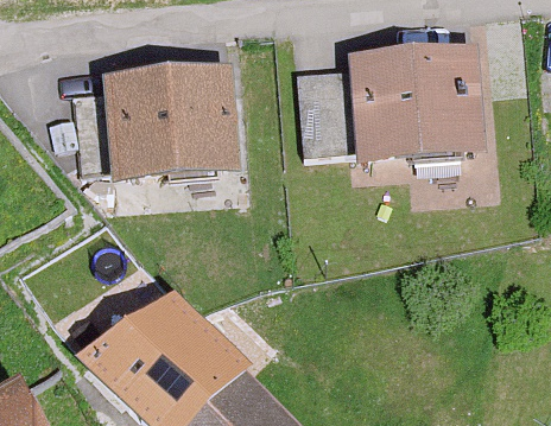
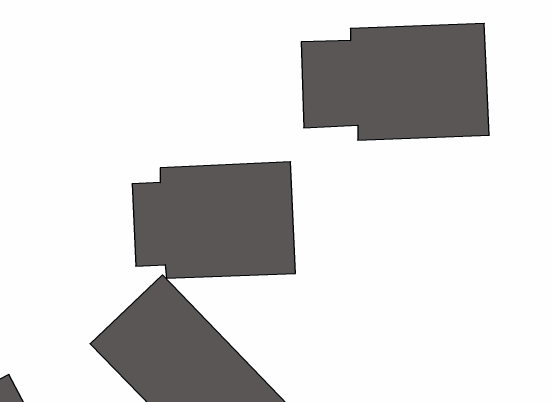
building: [78,65,236,178] -> [132,162,295,278]

